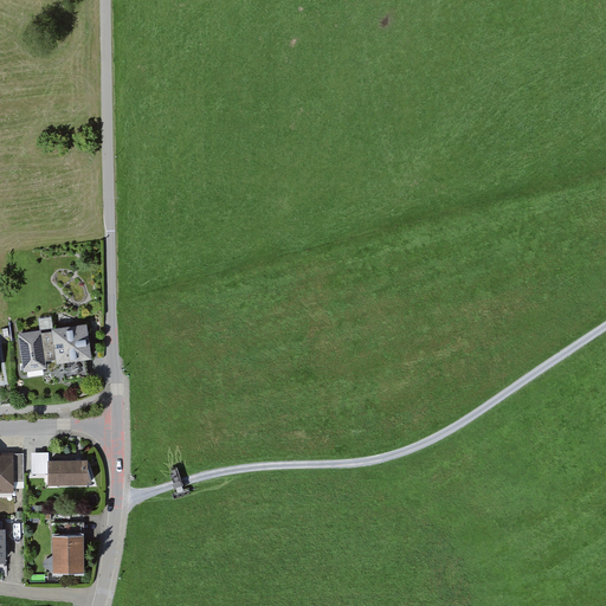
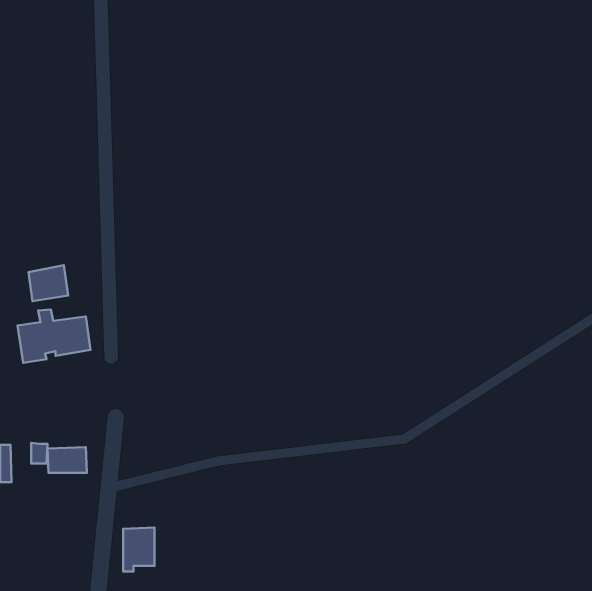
building: none -> [28,265,68,301]
building: [52,534,84,579] -> [123,528,154,572]

